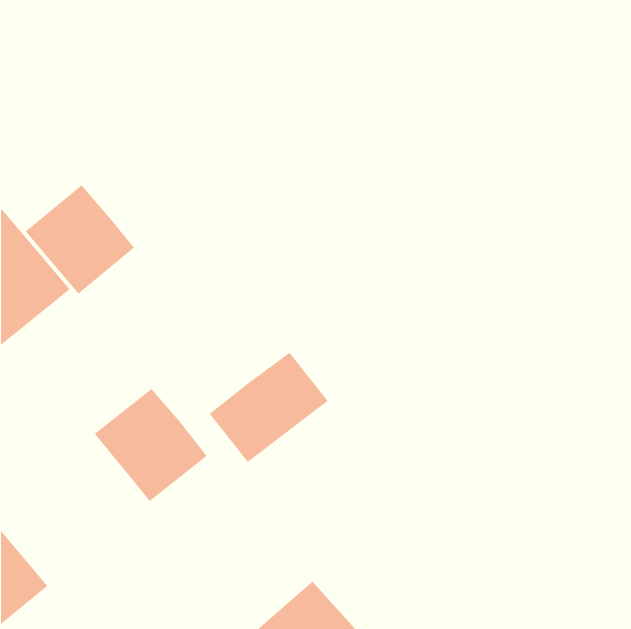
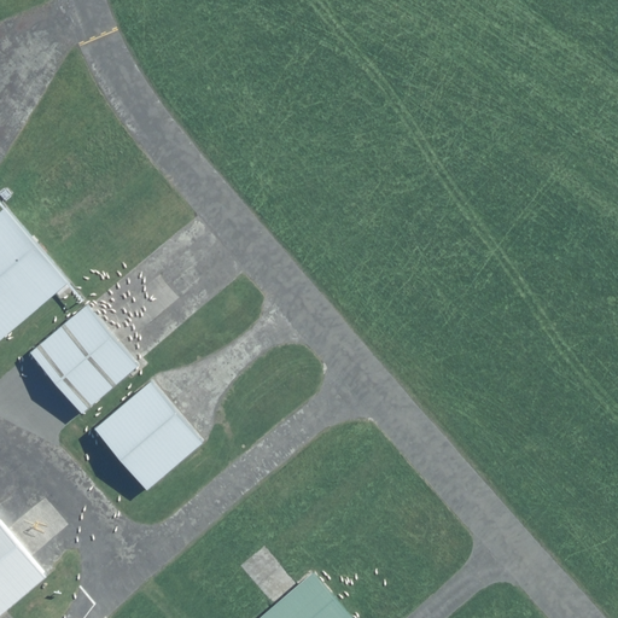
building: [25,184,135,294] -> [29,307,136,414]
building: [209,352,328,463] -> none

